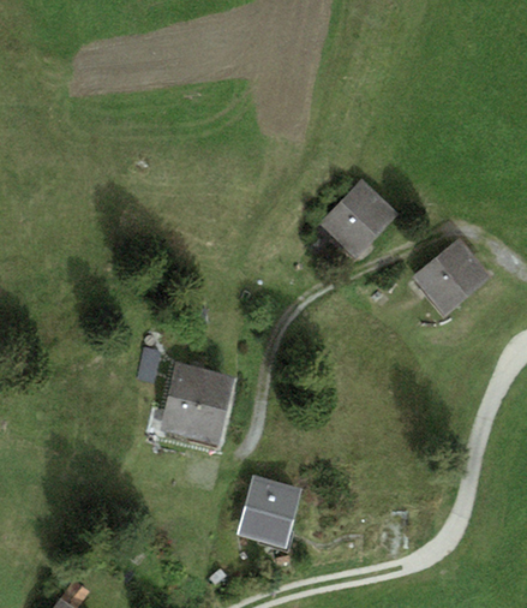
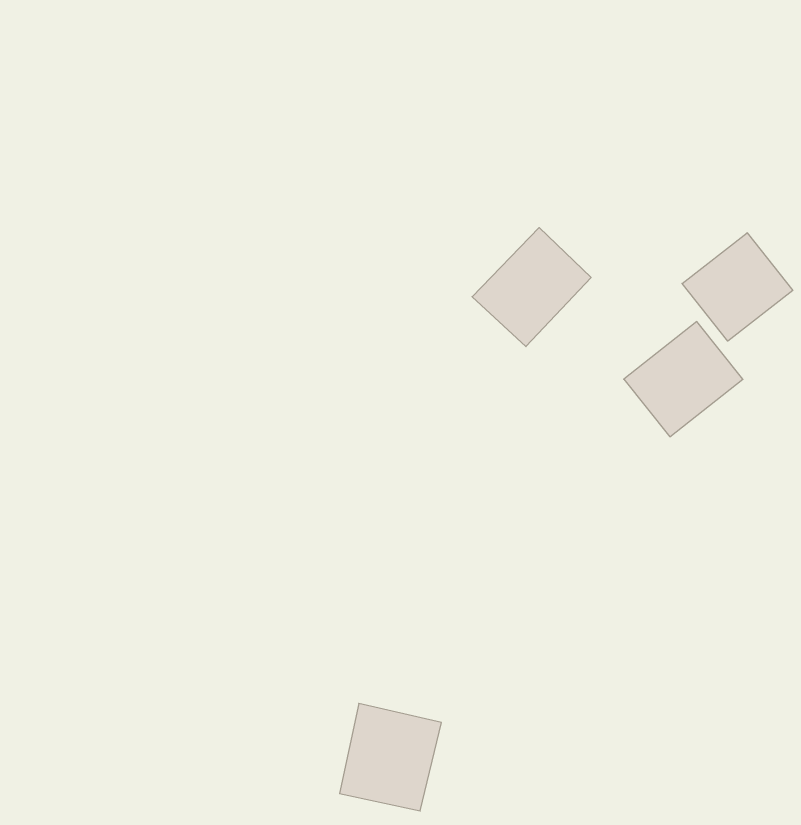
building: none -> [682,233,793,341]
building: [160,364,232,441] -> none

